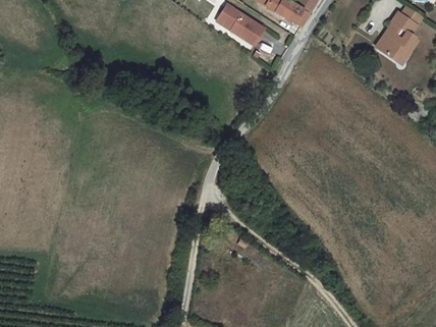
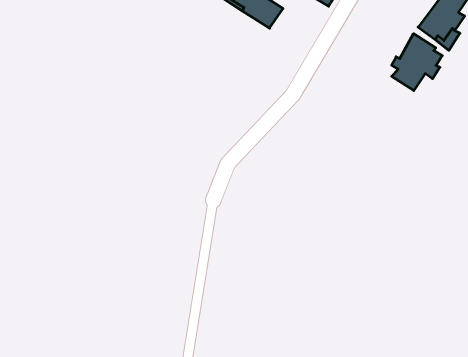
building: none -> [392,34,442,91]

